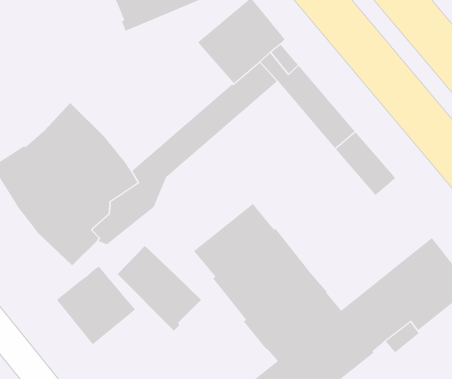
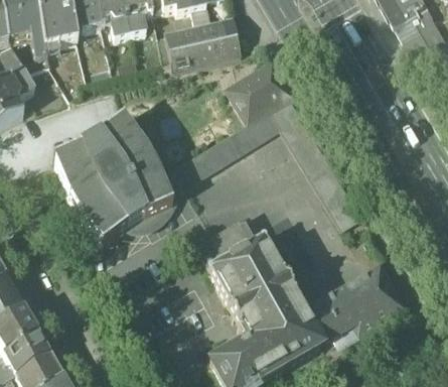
building: [117,245,202,331] -> none
building: [56,266,136,345] -> none

